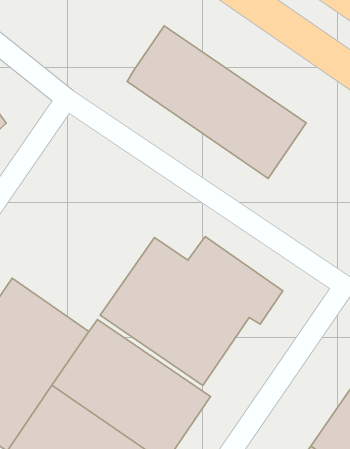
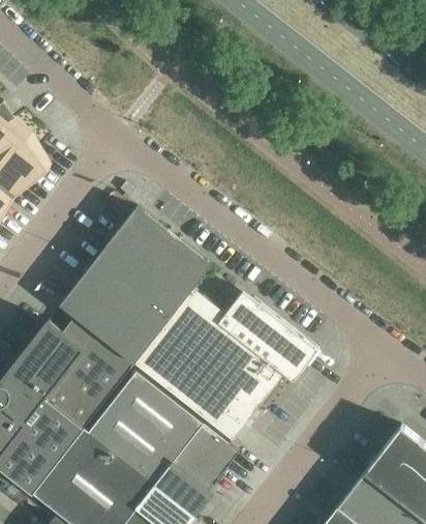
building: [127,26,306,178] -> none
building: none -> [57,208,208,365]

